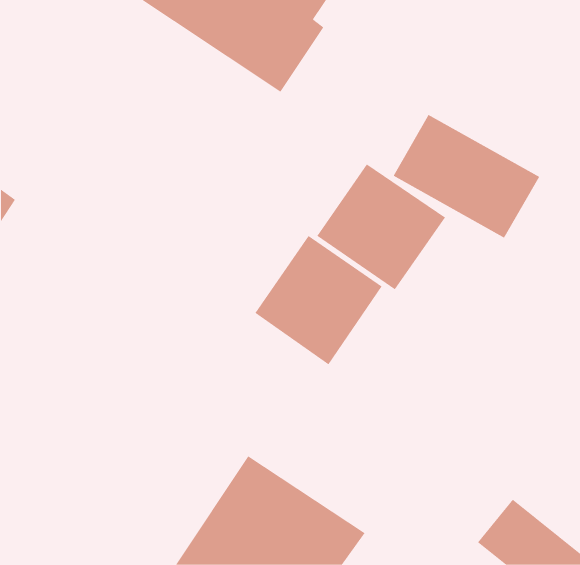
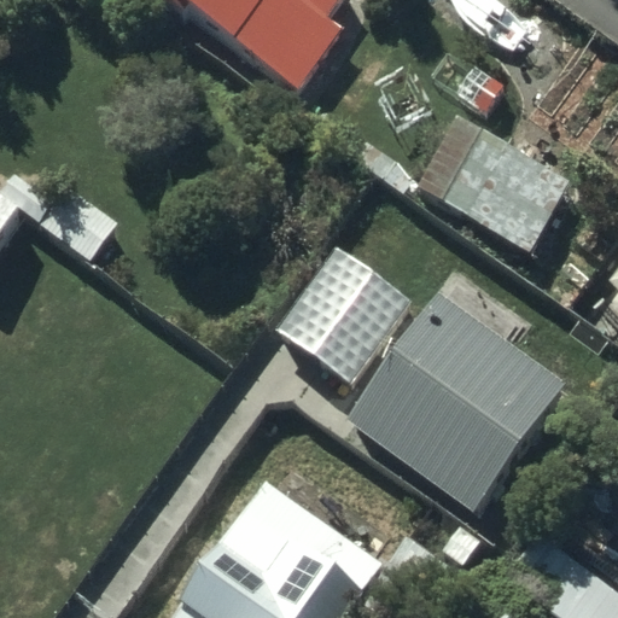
building: [317,164,446,290] -> none
building: none -> [344,299,567,520]

